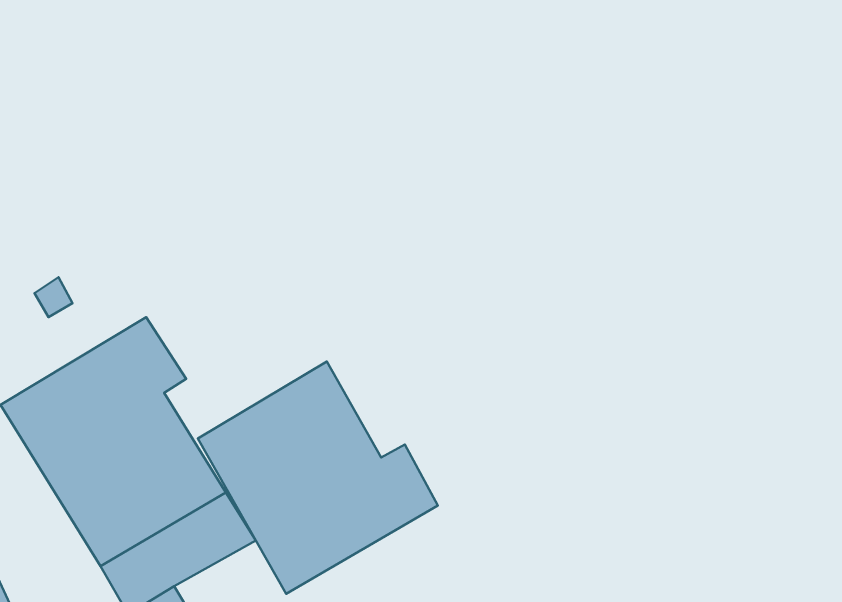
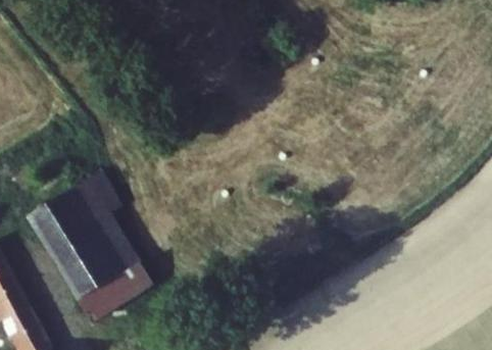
building: [198,361,438,594] -> none

